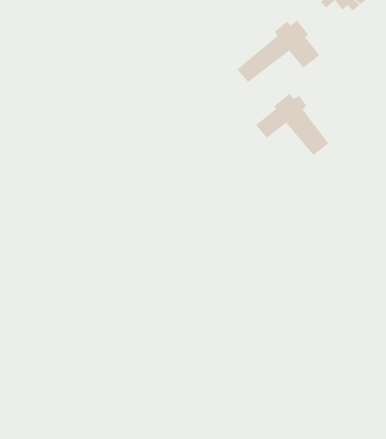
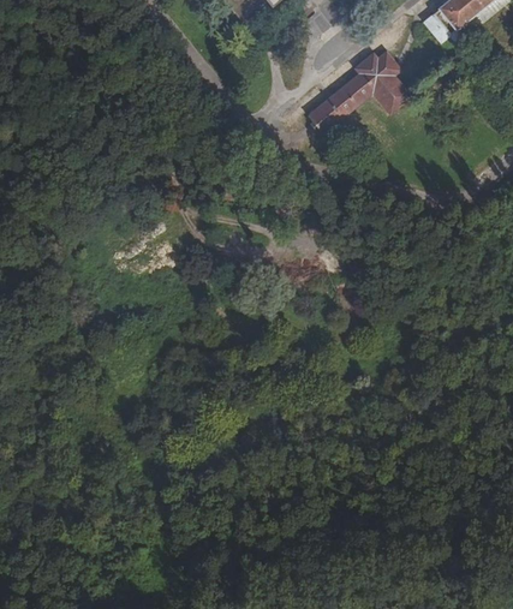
building: [255,93,329,156] -> none

